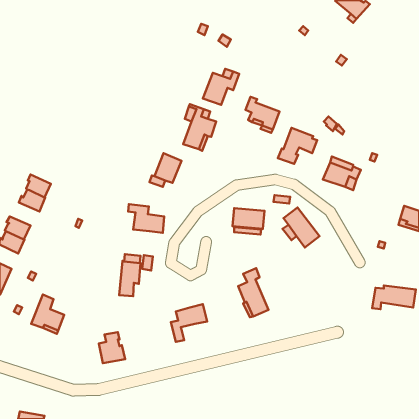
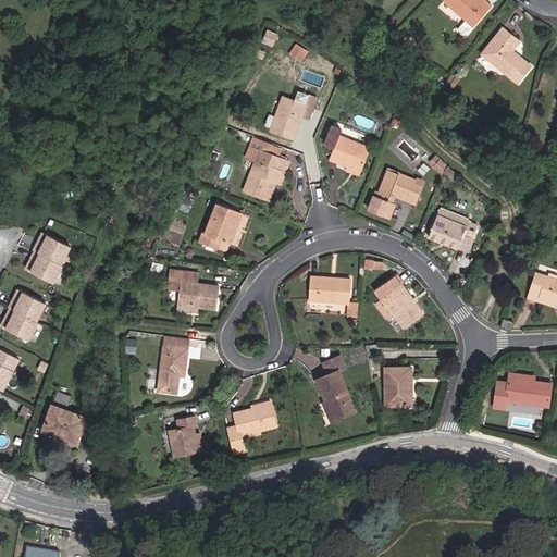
building: none -> [481,28,532,83]
building: none -> [385,368,410,406]
building: [99,332,125,363] -> [168,416,202,457]

